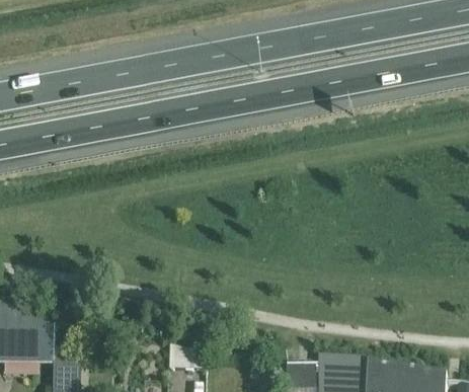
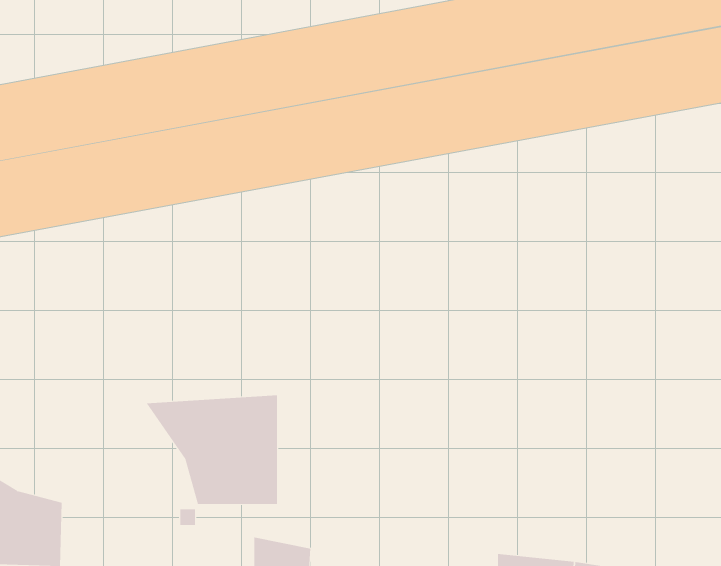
building: none -> [146,394,277,505]

